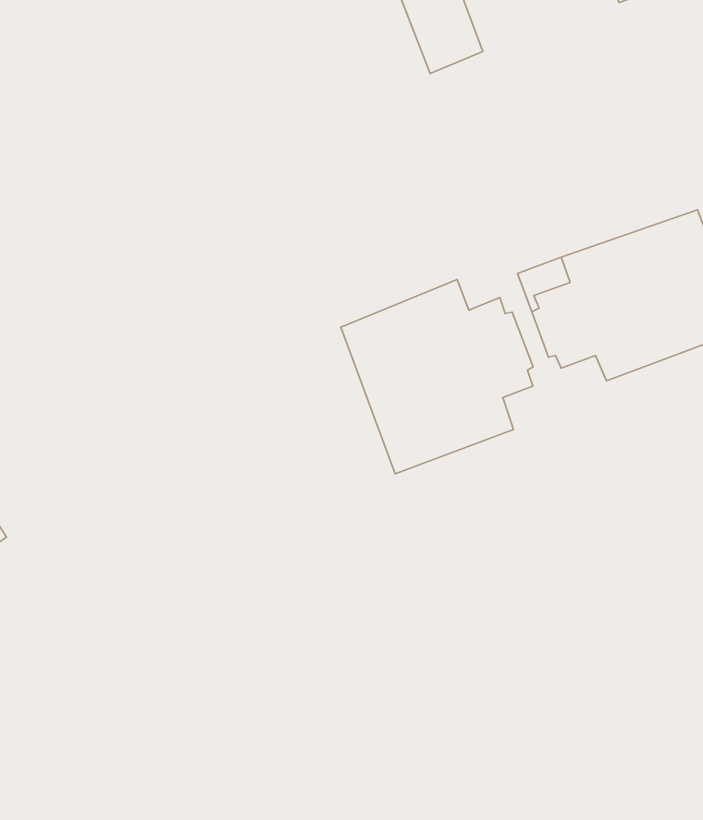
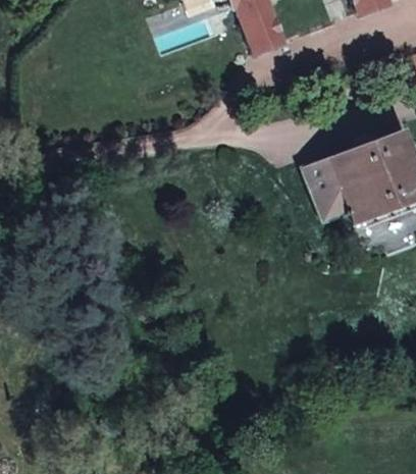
building: [341,279,533,474] -> none

